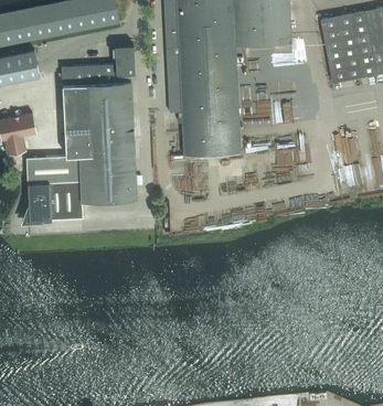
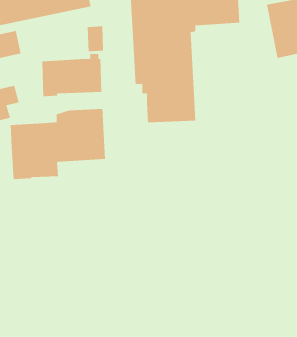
building: [58,64,114,85] -> none
building: [64,120,134,156] -> none

